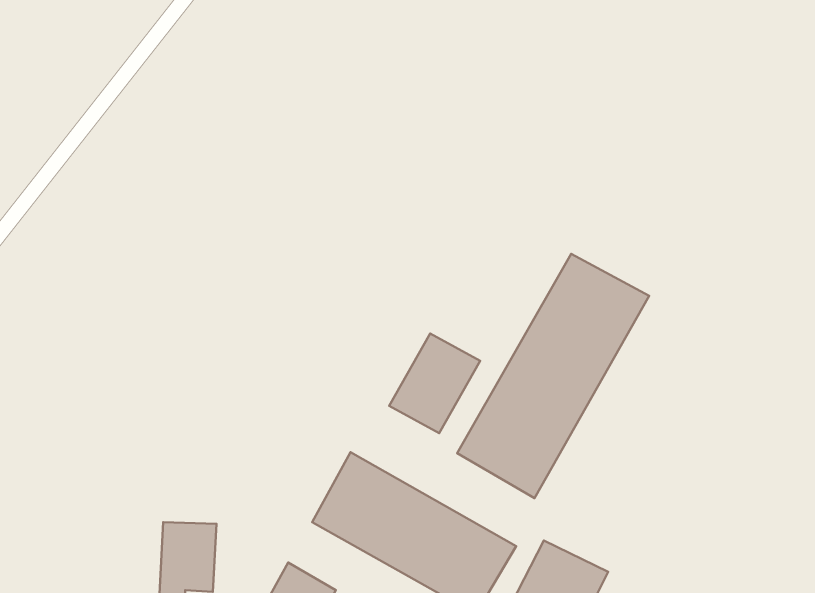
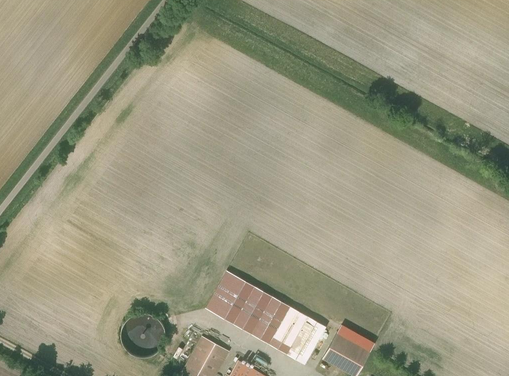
building: [457,254,649,498] -> none
building: [389,334,480,433] -> none

